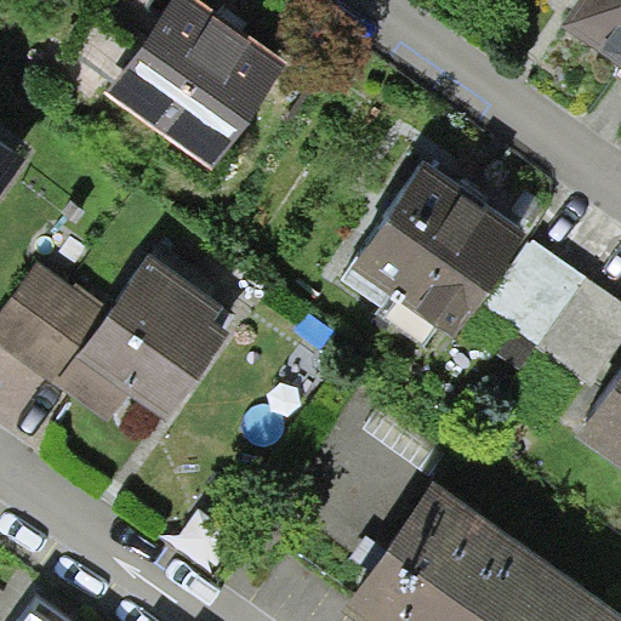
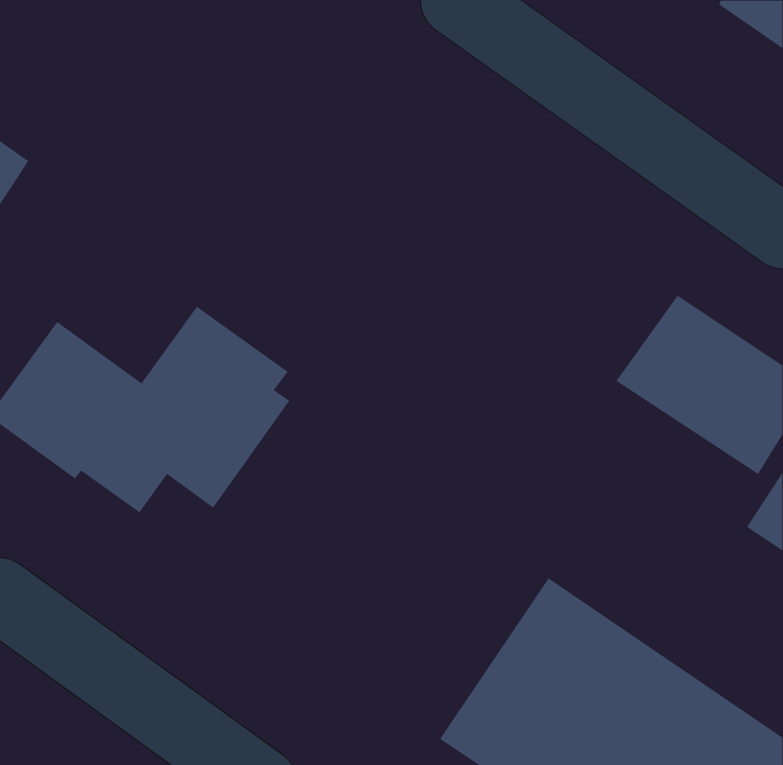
building: [116,23,280,190] -> none
building: [338,152,528,338] -> none

